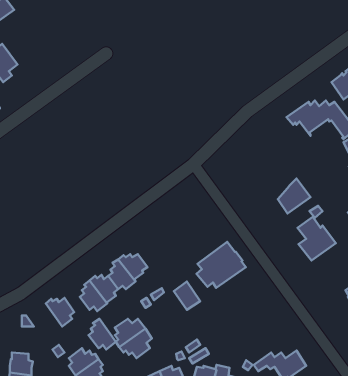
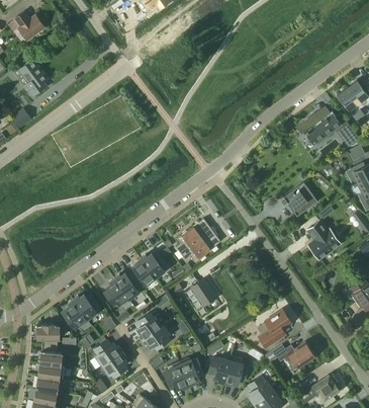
building: [197,242,246,288] -> [176,219,221,261]
building: none -> [258,310,292,348]
building: [89,319,116,349] -> [64,300,89,328]
building: none -> [37,324,60,346]

